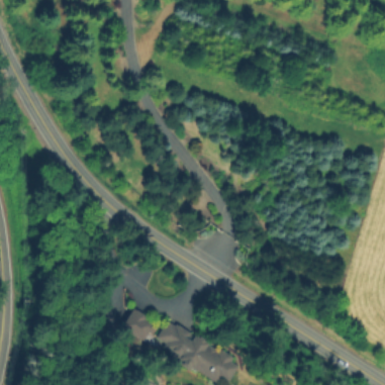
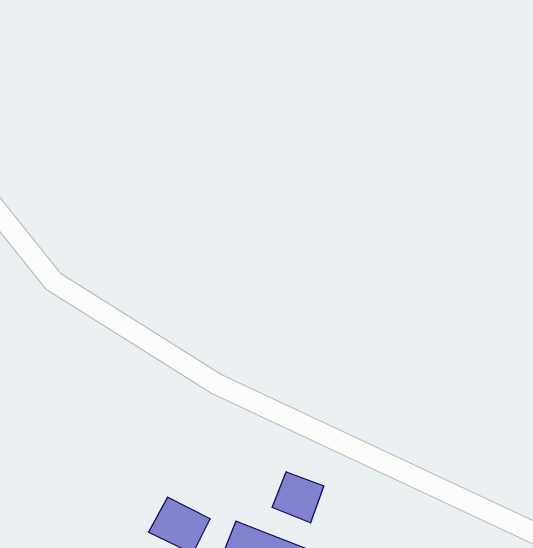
building: none -> [272,472,324,523]

